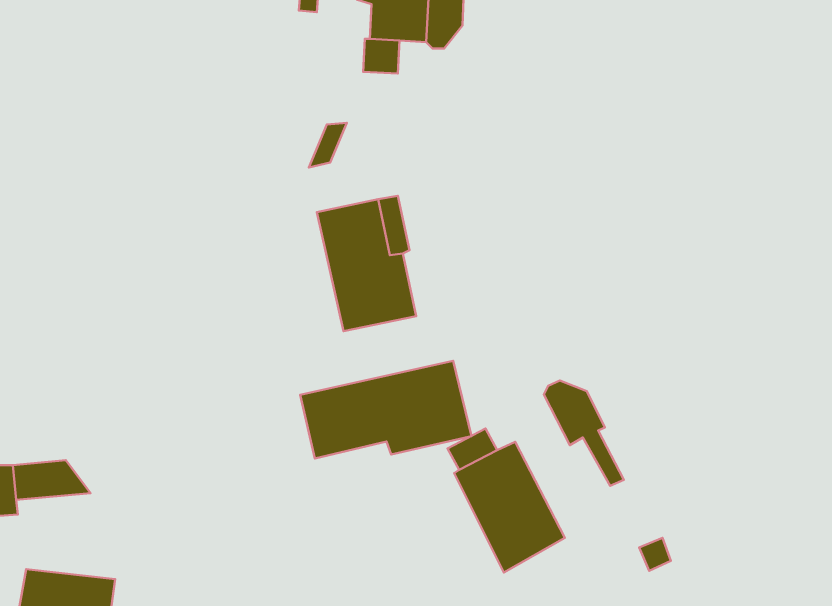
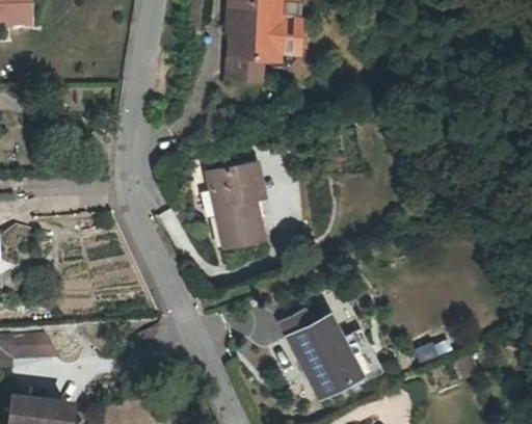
building: [300,361,471,458] -> none
building: [544,380,624,486] -> none

